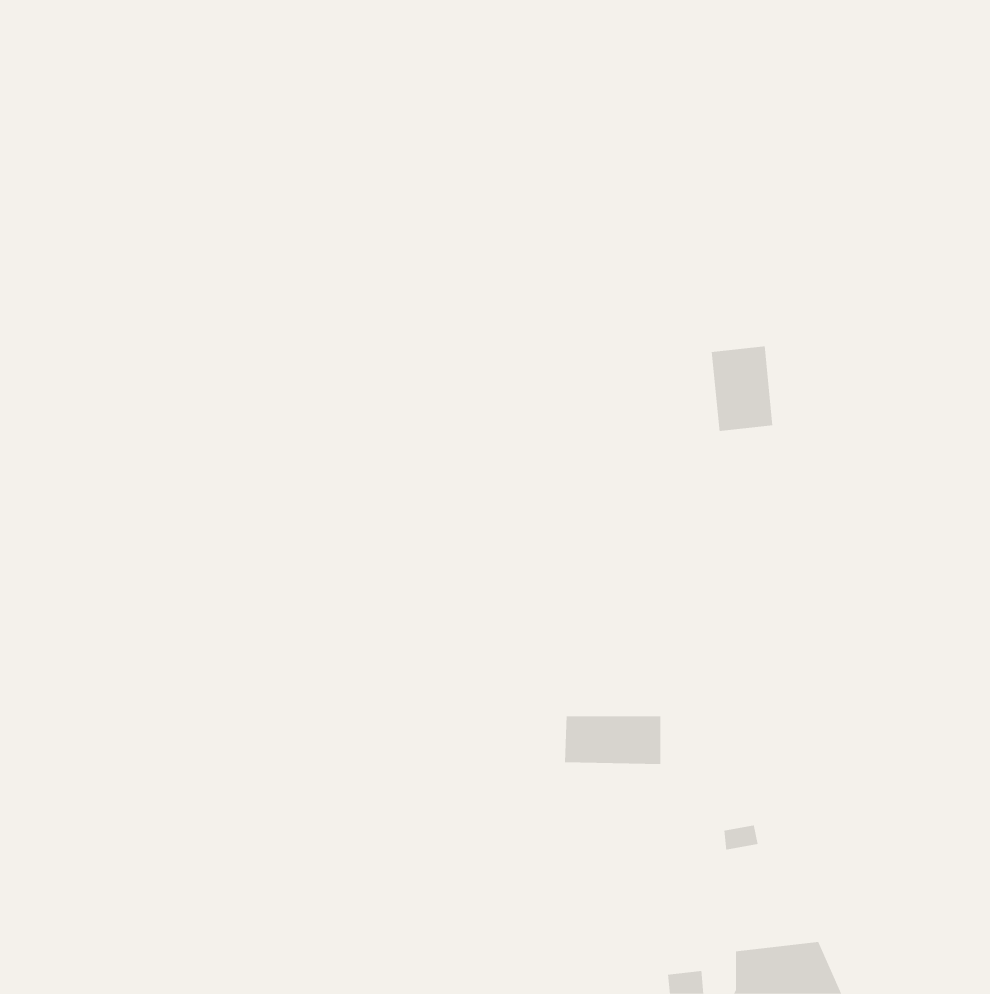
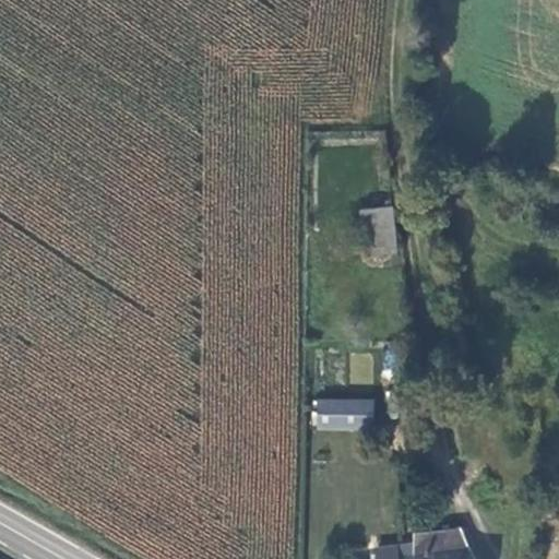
building: [711,346,773,431] -> [360,206,395,254]

